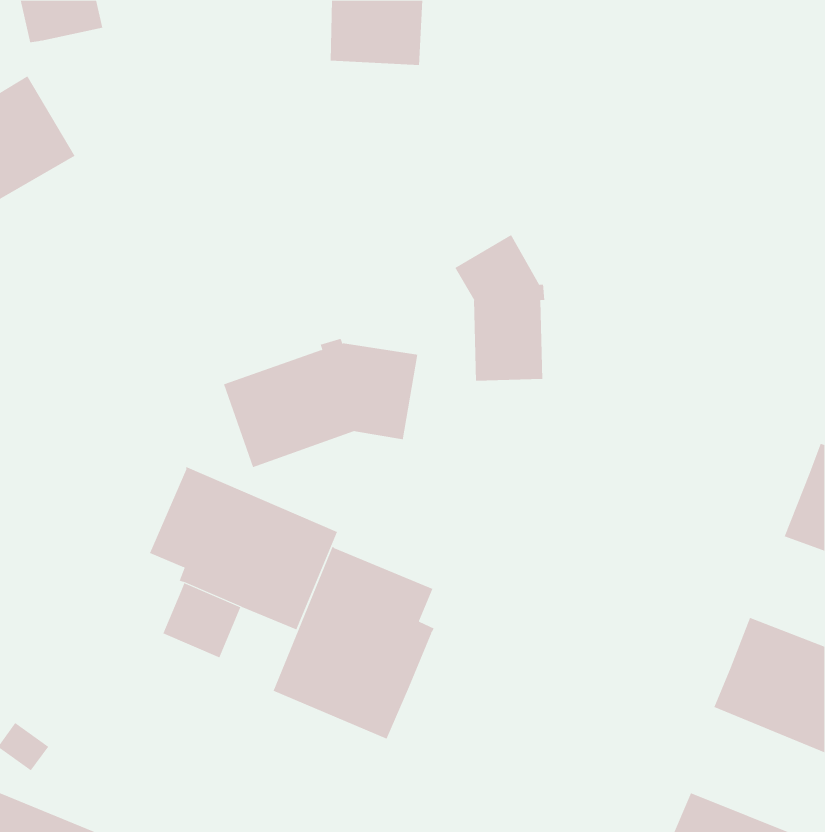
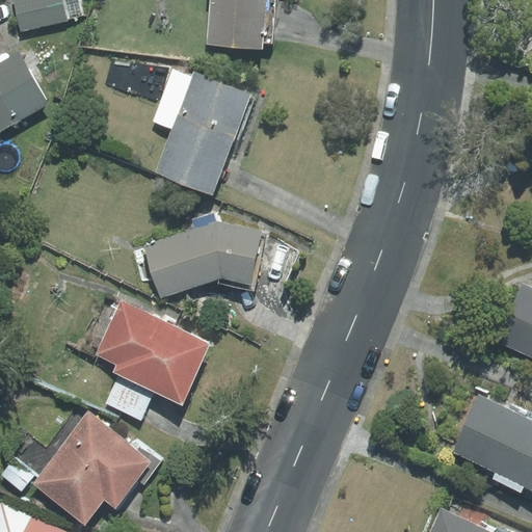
building: none -> [155,72,254,194]
building: [454,234,545,381] -> none
building: [273,545,434,740] -> none
building: none -> [32,410,154,524]

